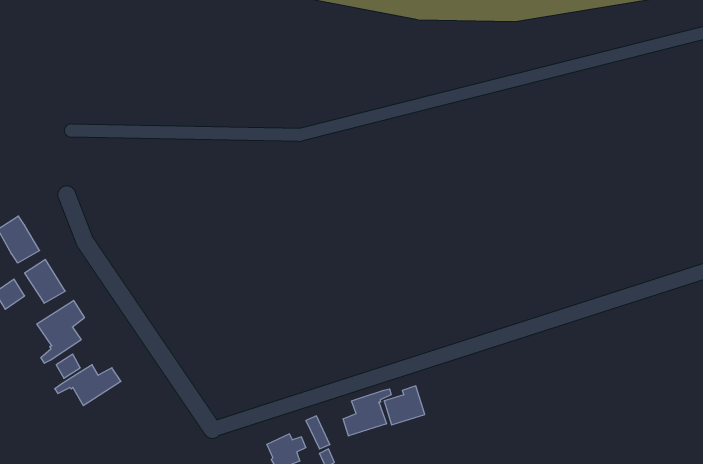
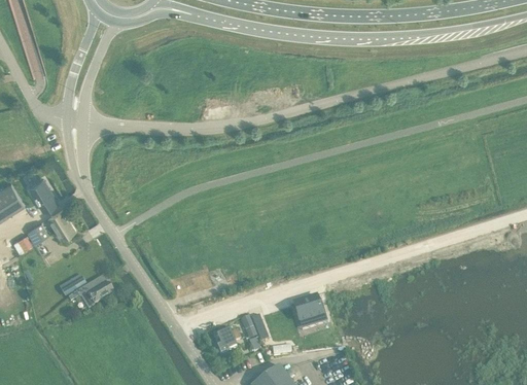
building: [37,300,84,363] -> none
building: [343,389,391,436] -> none

